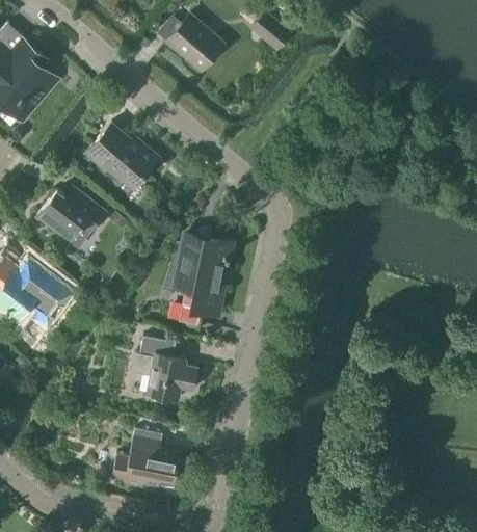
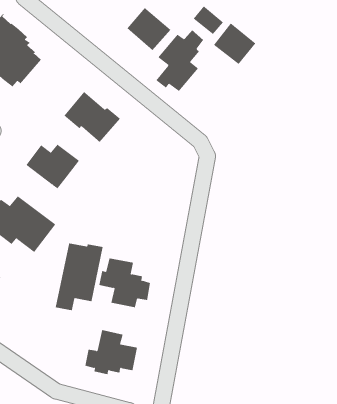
building: none -> [213,23,256,65]
building: none -> [155,30,204,92]
building: [167,238,230,325] -> [55,243,103,311]

